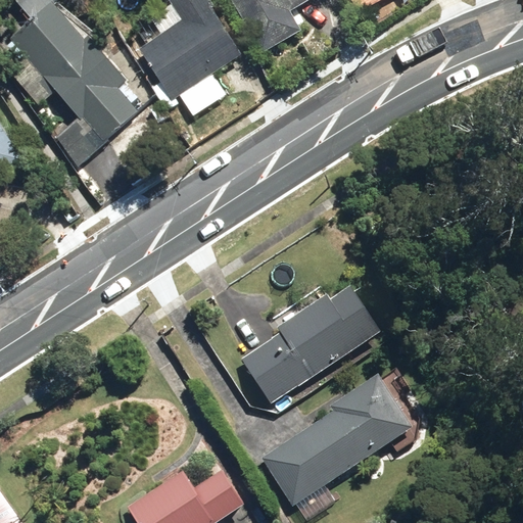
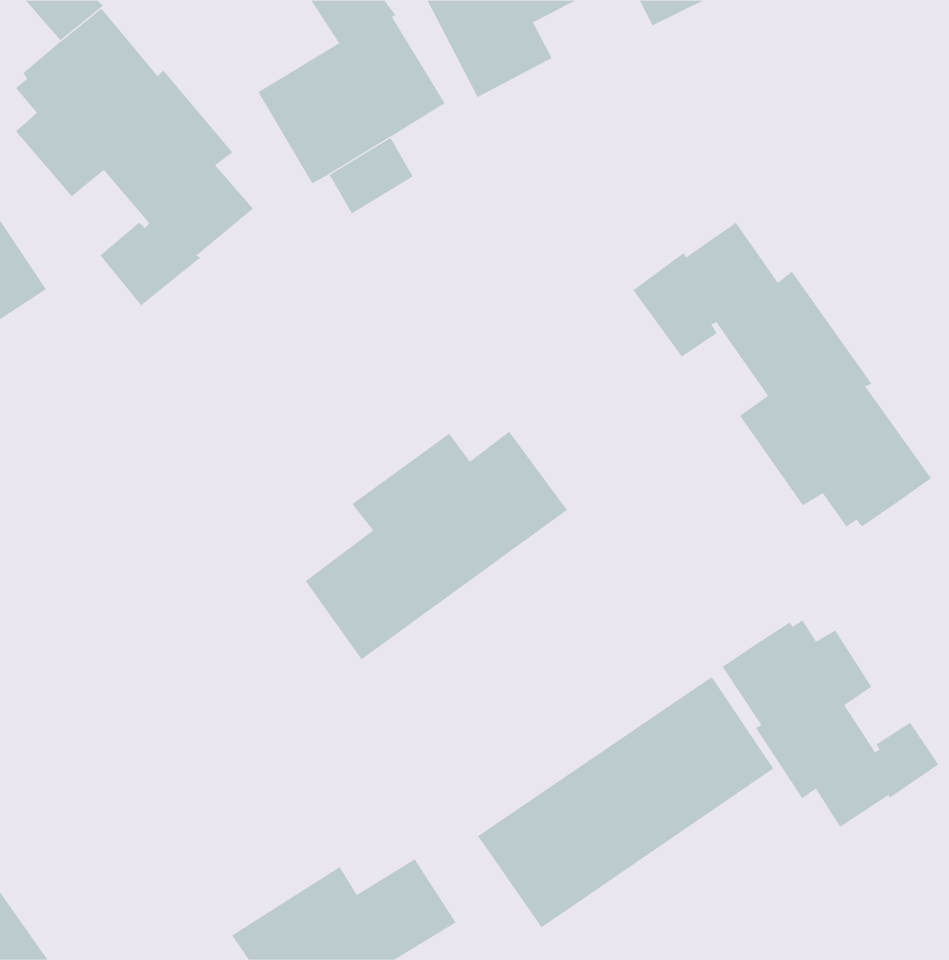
building: none -> [632,222,932,528]
building: [240,282,383,407] -> [305,431,568,660]
building: none -> [722,620,939,828]

